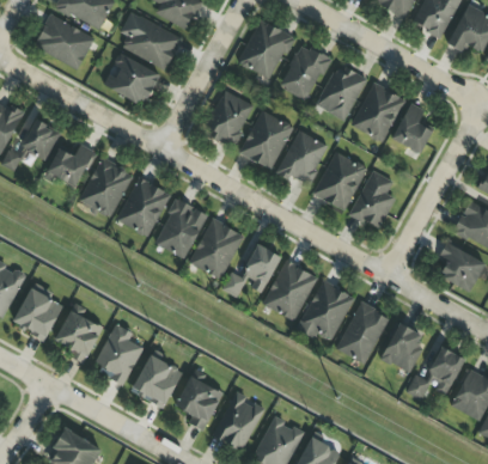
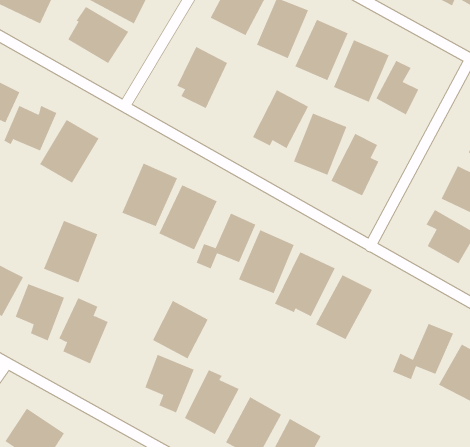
building: [240,111,292,170] -> none
building: [117,178,169,237] -> [43,220,98,283]
building: [380,323,427,372] -> none
building: [130,354,183,409] -> [152,300,208,359]

